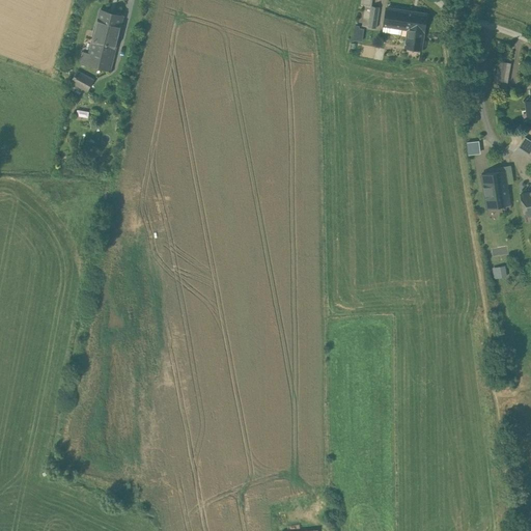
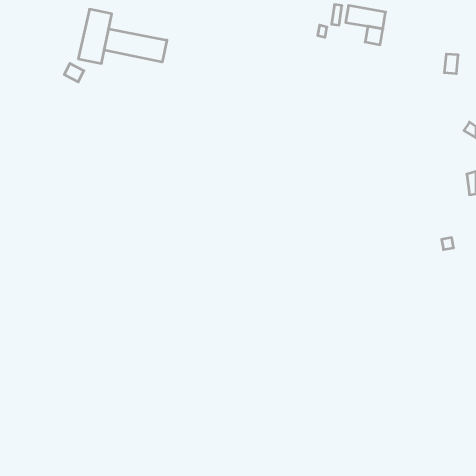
building: none -> [104,29,167,62]
building: [480,170,508,209] -> none

